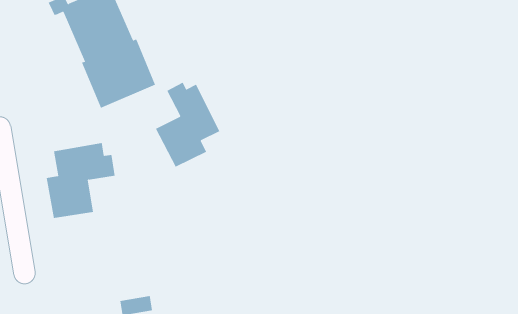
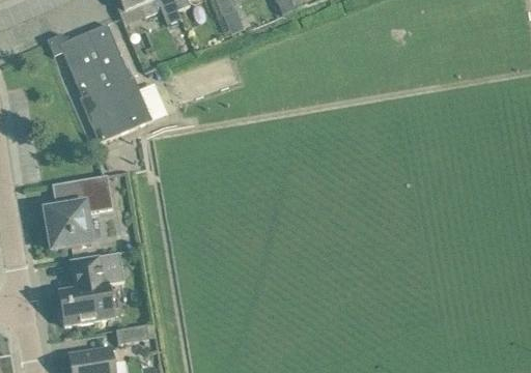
building: [155,82,220,168] -> none
building: none -> [58,251,124,323]

